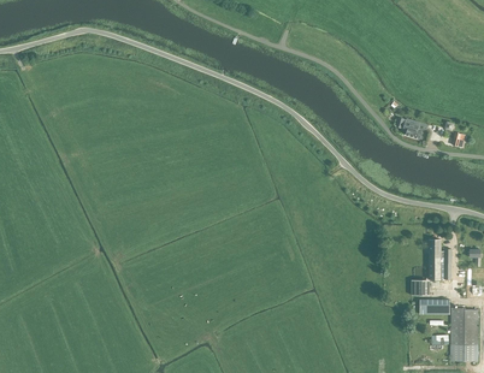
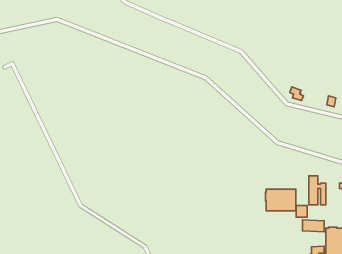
building: none -> [265,189,296,211]

